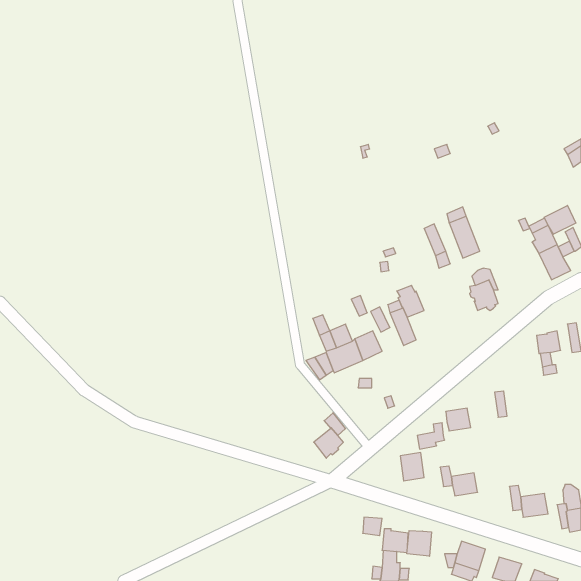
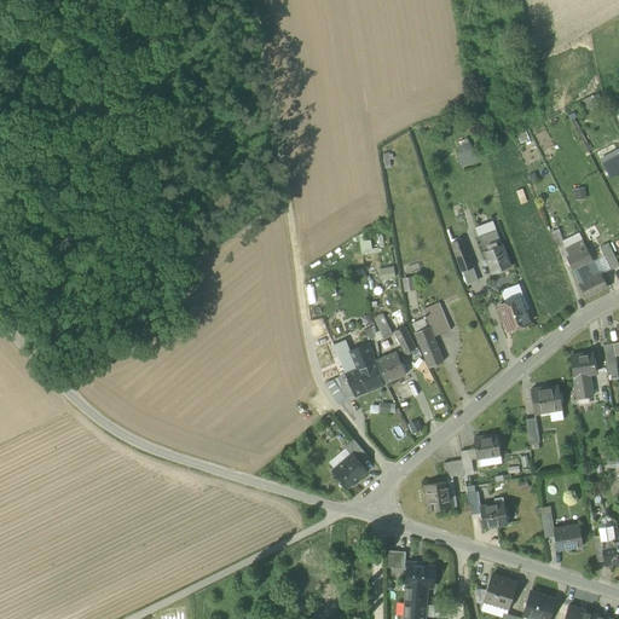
building: [544,205,576,234] -> none
building: none -> [531,387,562,413]
building: [407,531,431,556] -> none

